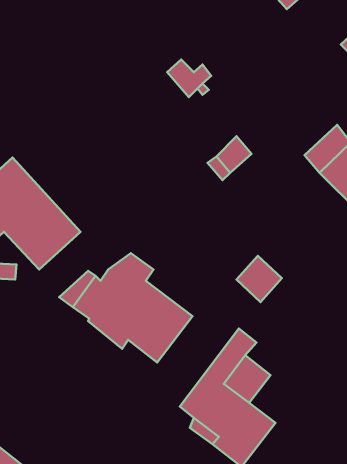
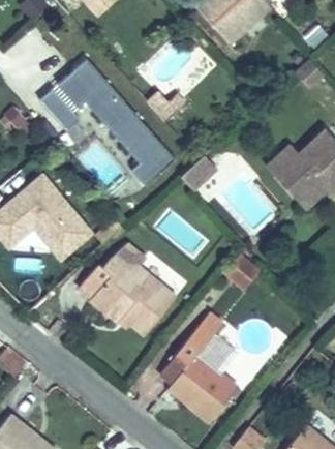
building: none -> [25,57,163,185]

